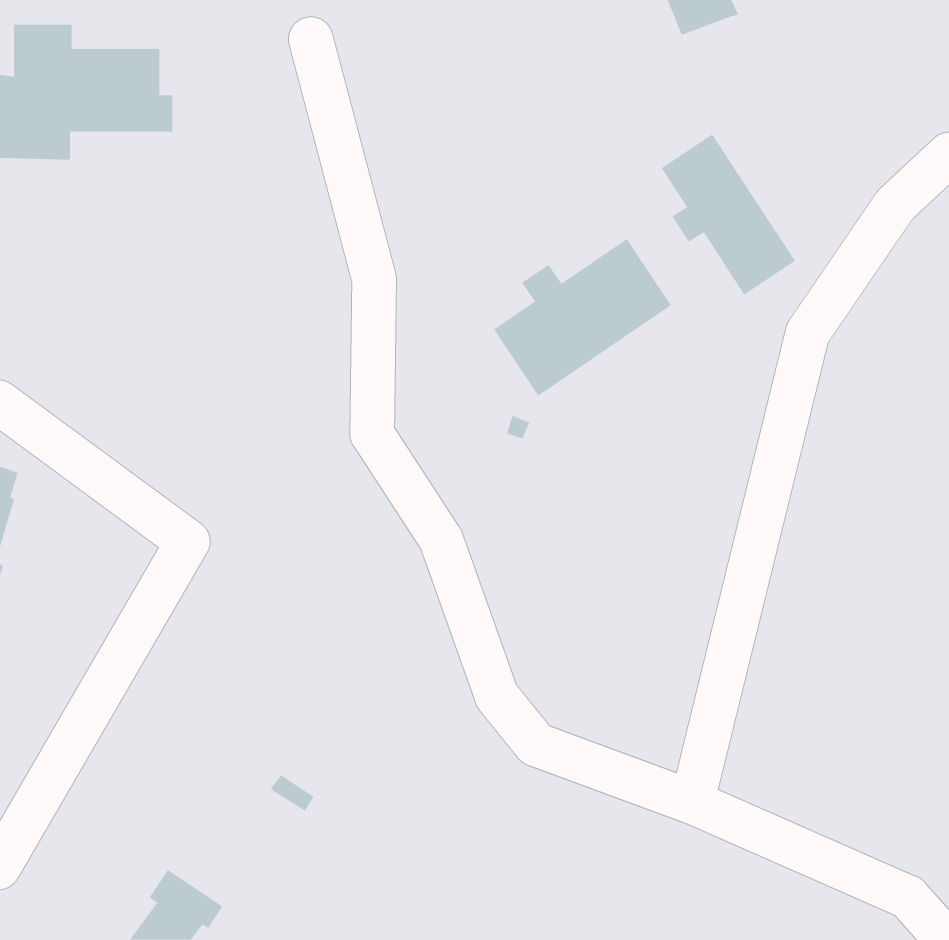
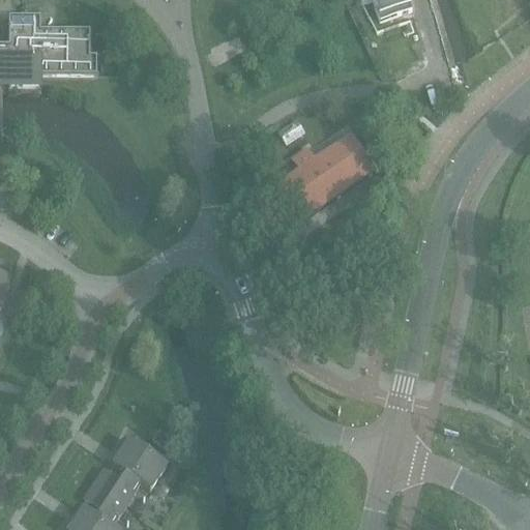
building: [661,134,796,295] -> none
building: none -> [93,438,165,504]

